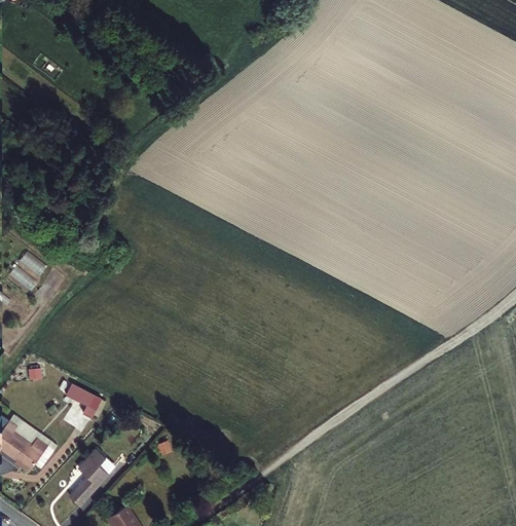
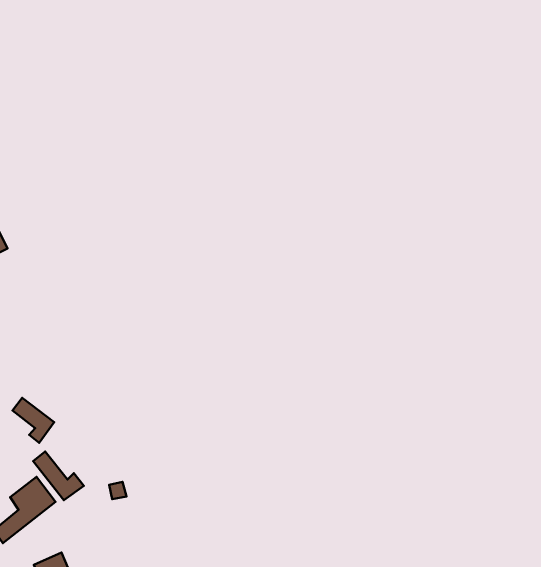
building: none -> [33,452,84,500]

